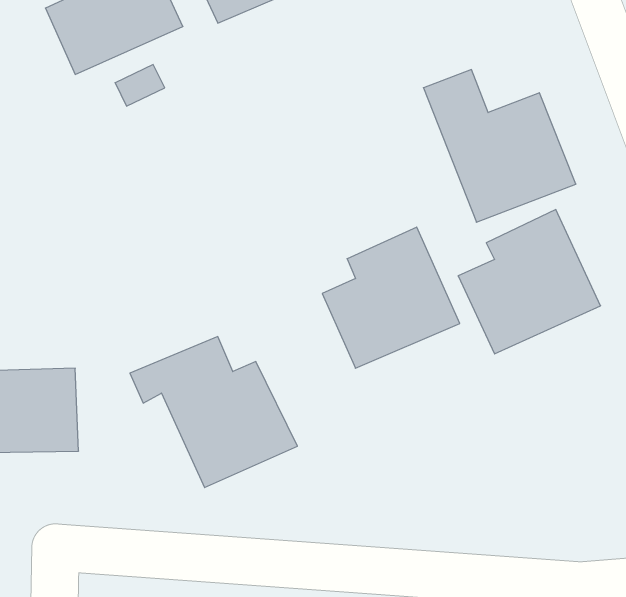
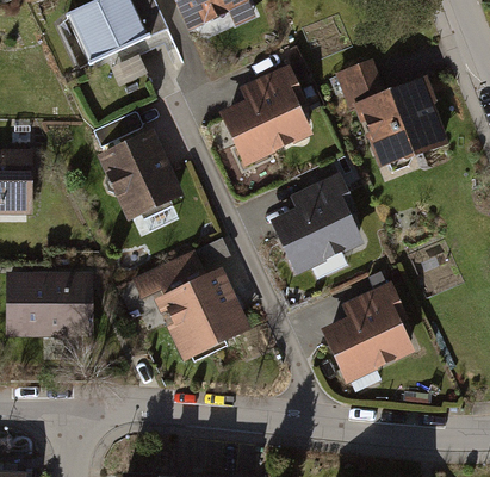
building: none -> [217,64,318,168]
building: none -> [95,129,182,222]
building: [458,210,601,354] -> [320,281,422,385]

